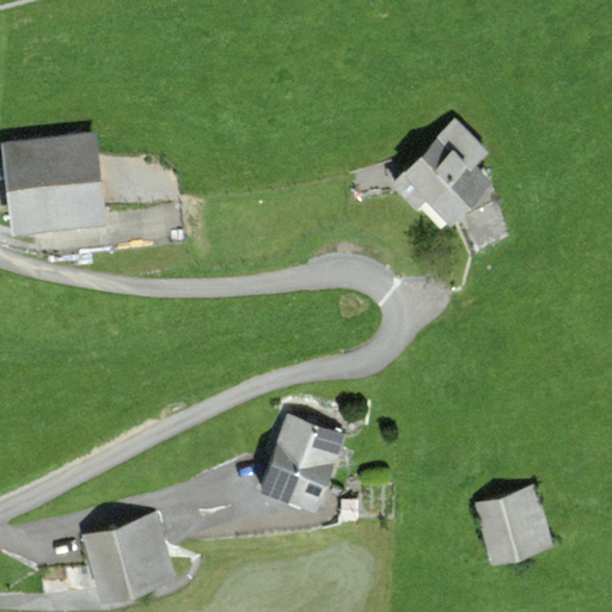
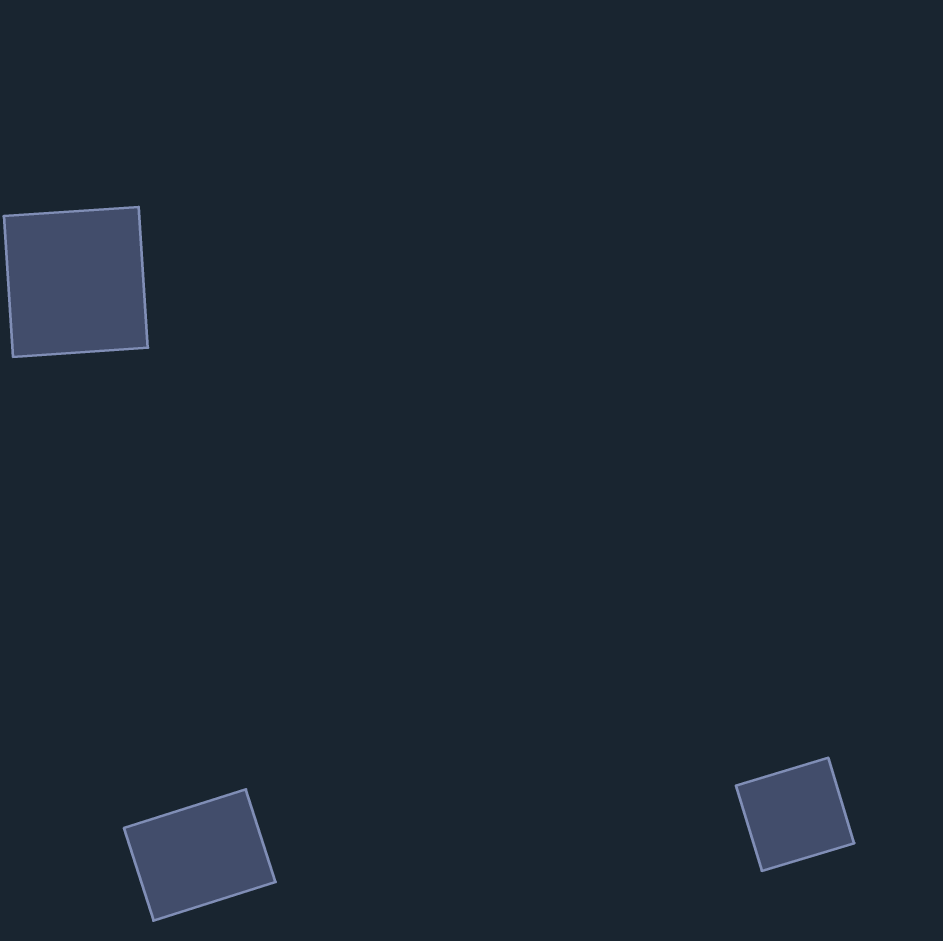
building: [393,118,500,224] -> none
building: [264,416,347,507] -> none

